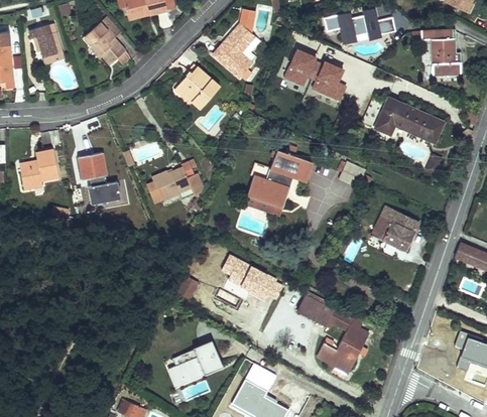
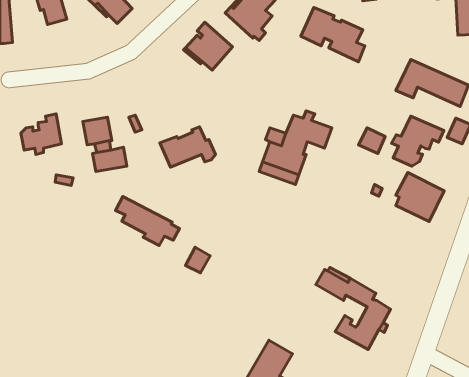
building: none -> [392,116,444,166]
building: [223,255,283,301] -> [115,197,180,246]
building: [167,340,223,388] -> none

